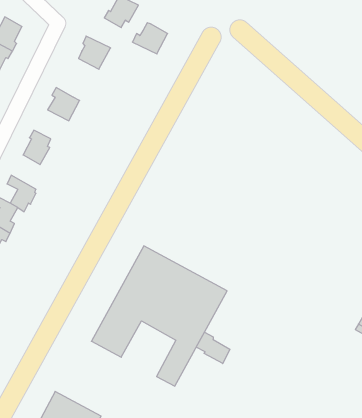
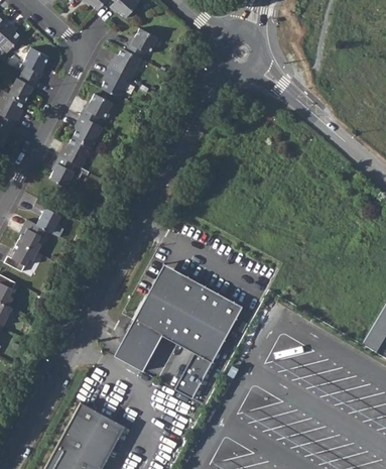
building: [132,23,168,54] -> [109,49,142,79]
building: none -> [81,94,113,125]
building: none -> [59,137,93,167]
building: [196,332,230,364] -> none

